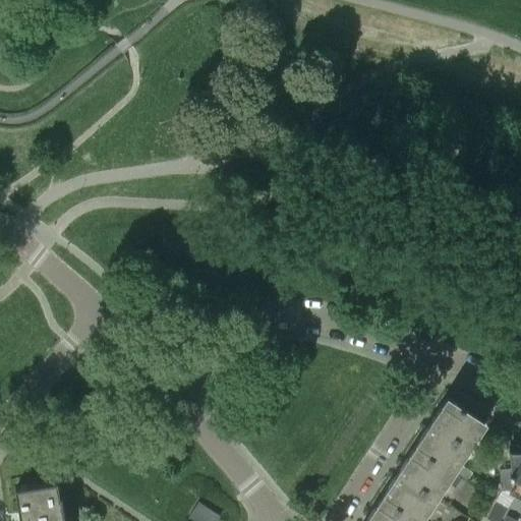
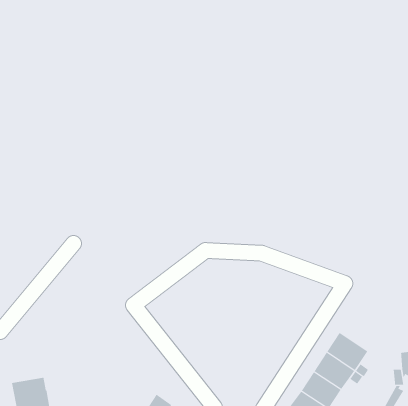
building: [432,401,485,451] -> none

